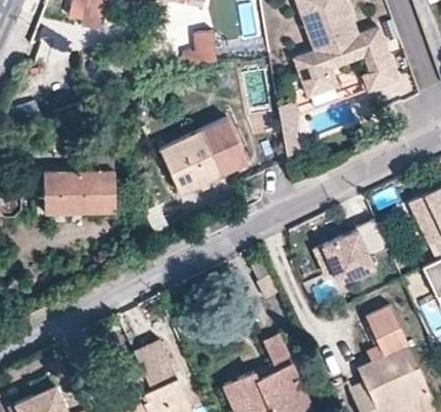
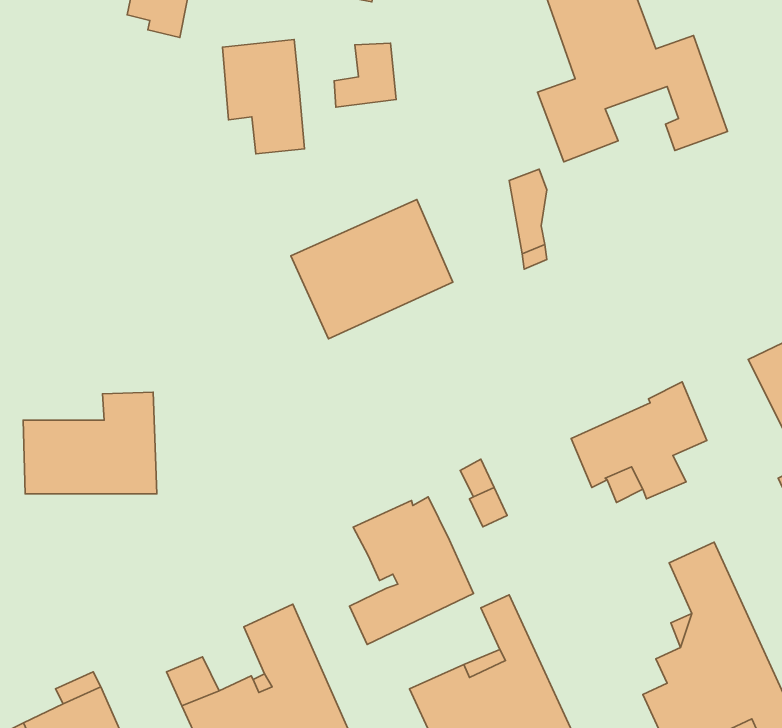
building: none -> [223,39,304,154]
building: [43,156,116,212] -> [23,392,157,494]
building: none -> [350,497,473,644]

